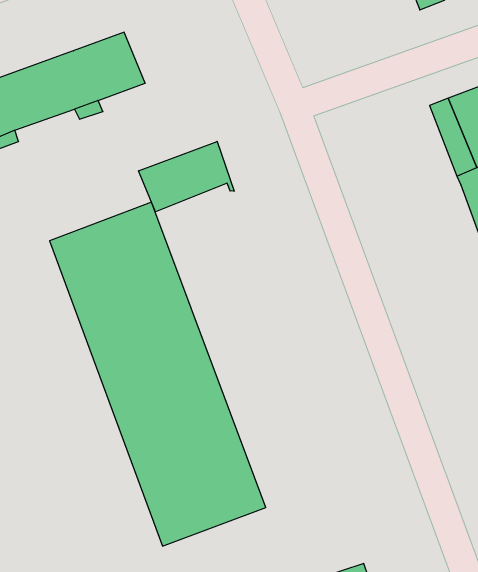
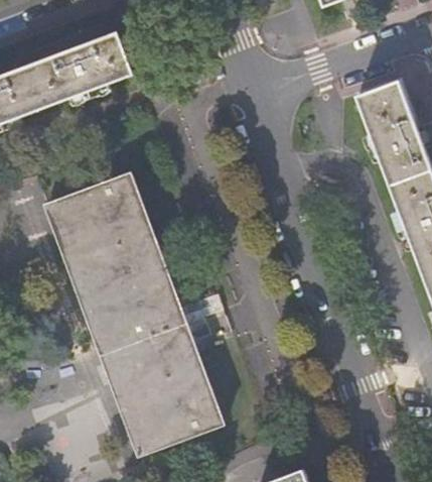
building: [139,141,234,212] -> none

